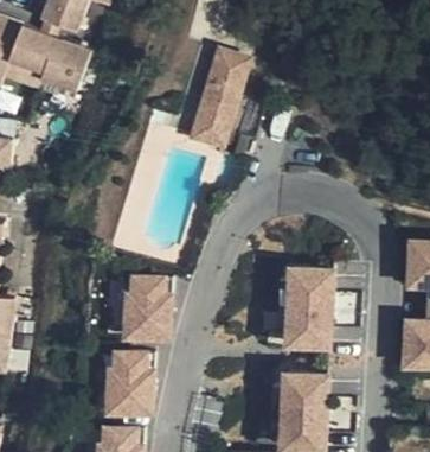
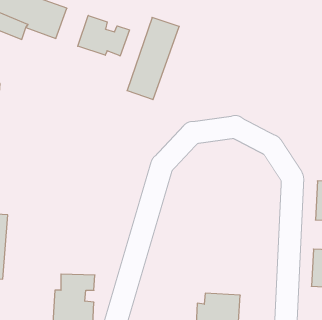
building: none -> [78,15,130,56]
building: [271,274,325,352] -> none
building: [117,278,166,340] -> none

